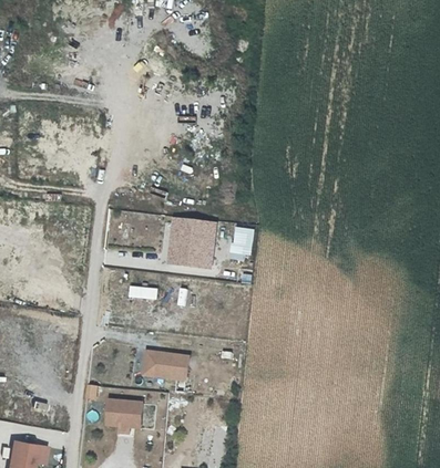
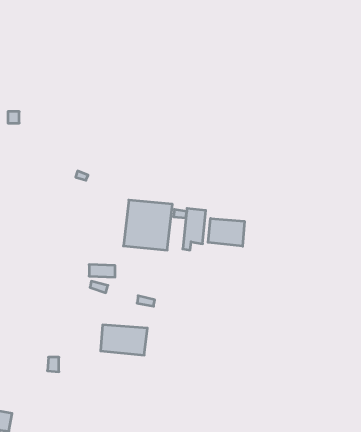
building: none -> [208,218,244,246]
building: [105,397,144,435] -> none

